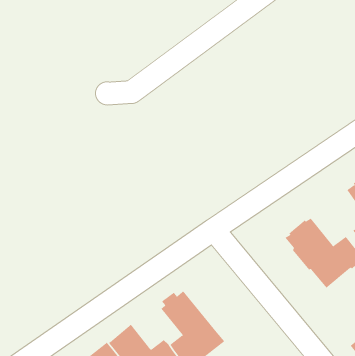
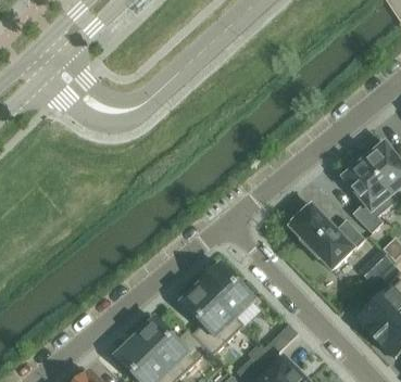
building: none -> [200,264,254,318]

